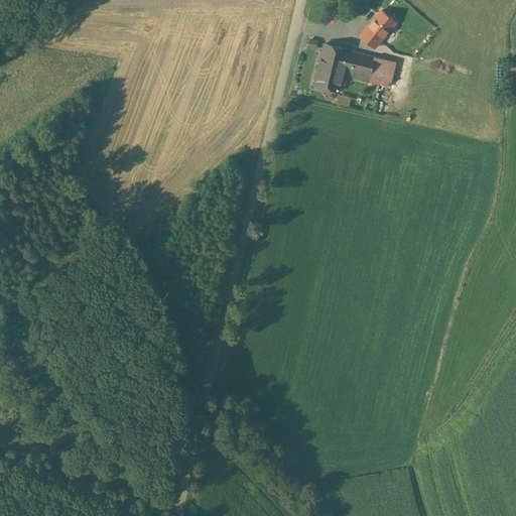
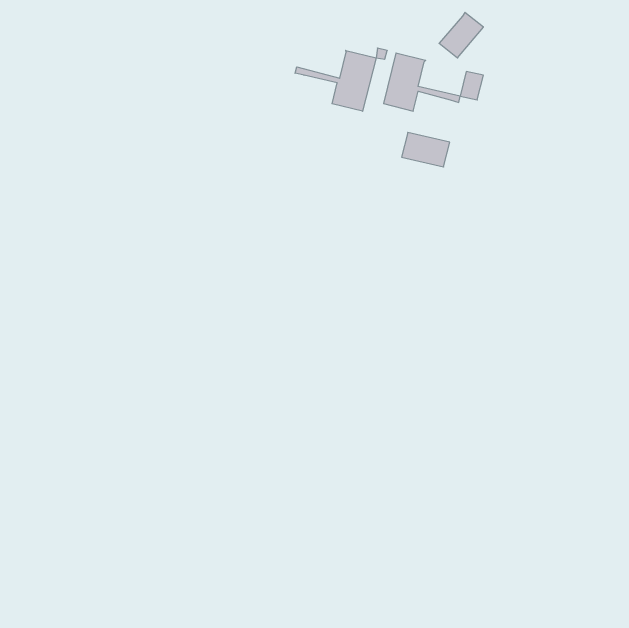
building: none -> [295,50,376,111]
building: [342,52,381,81] -> [402,132,450,167]

